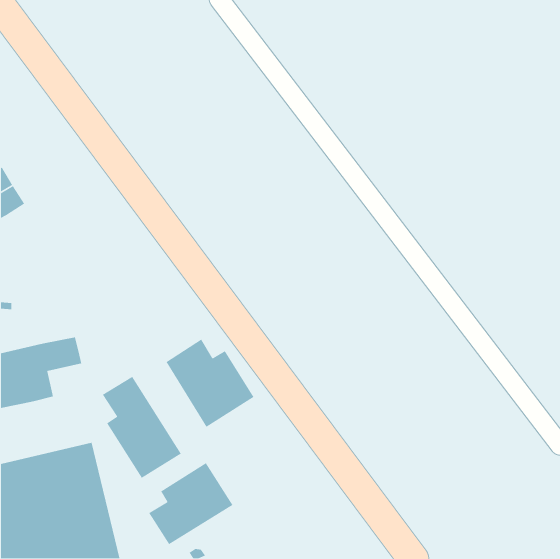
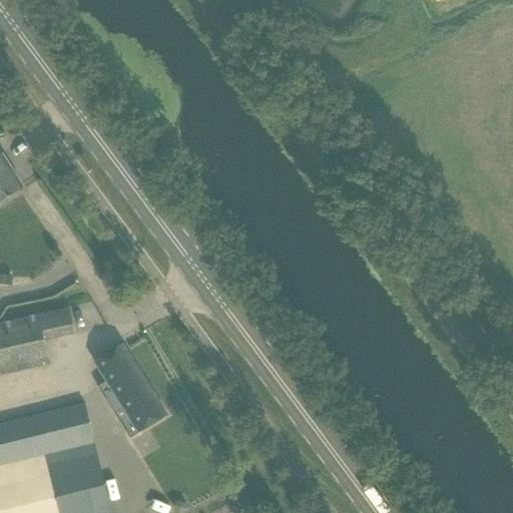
building: [165,339,255,428] -> none
building: [148,462,233,545] -> none

